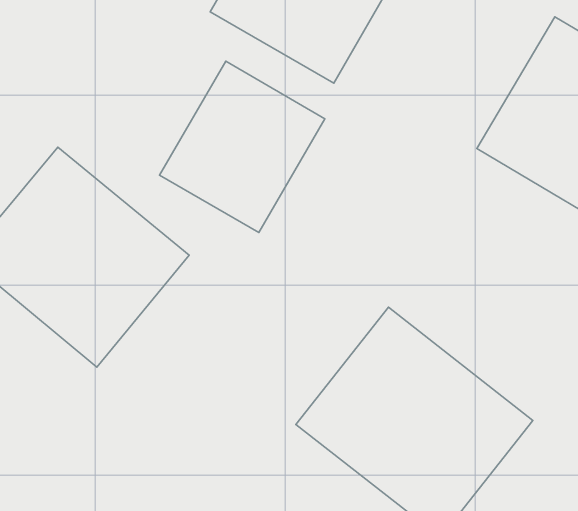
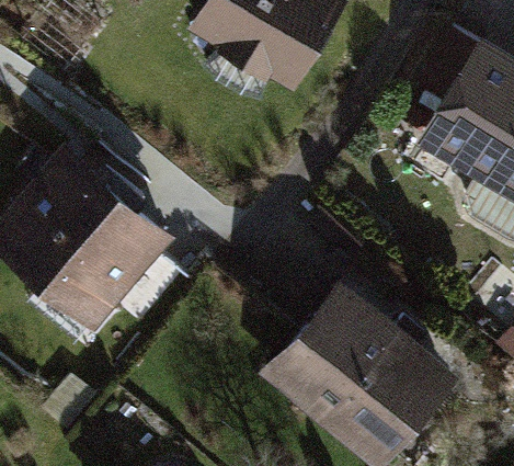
building: [159,61,325,233] -> none

